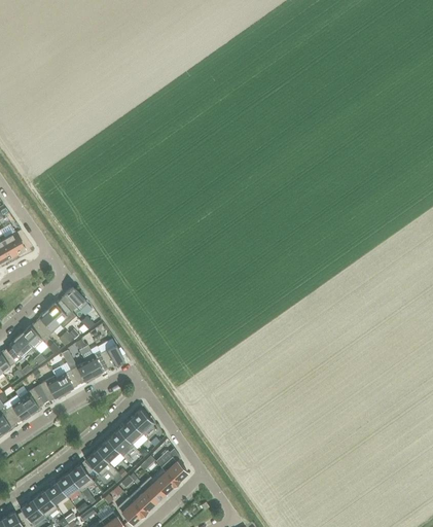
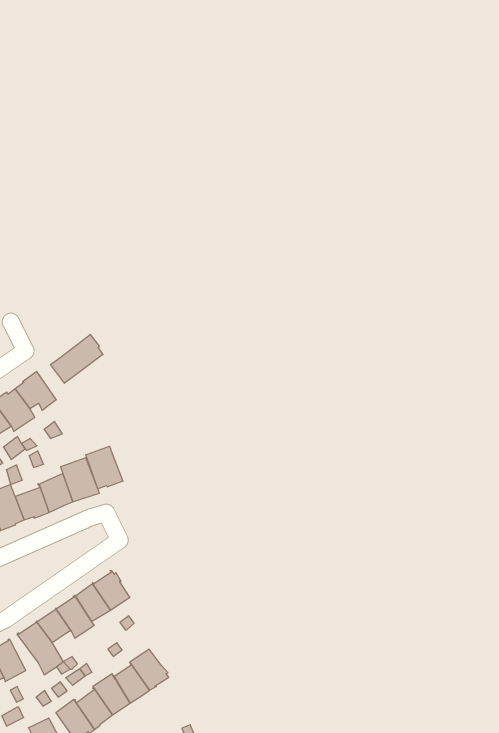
building: none -> [51,334,103,383]
building: none -> [86,446,123,489]

